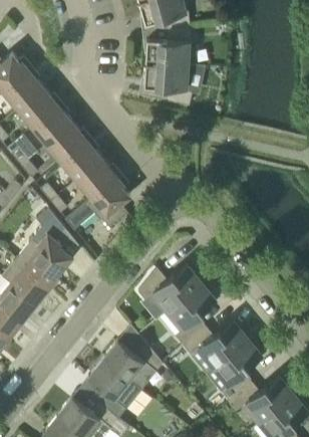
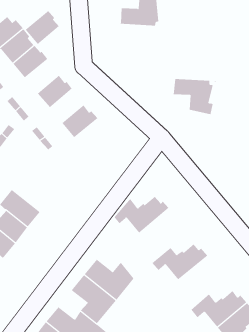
building: [142,62,195,105] -> [173,78,217,115]
building: [31,103,72,145] -> [25,10,60,45]
building: [61,139,101,180] -> none
building: [64,174,129,230] -> none
building: [16,208,71,285] -> none
building: [167,280,214,346] -> none
building: [213,337,260,401] -> none

